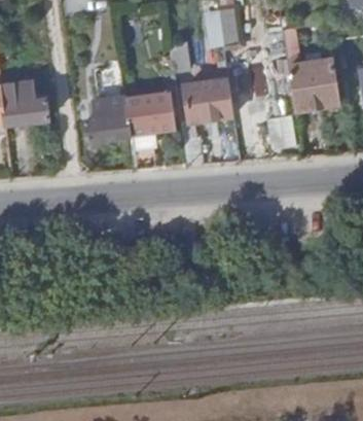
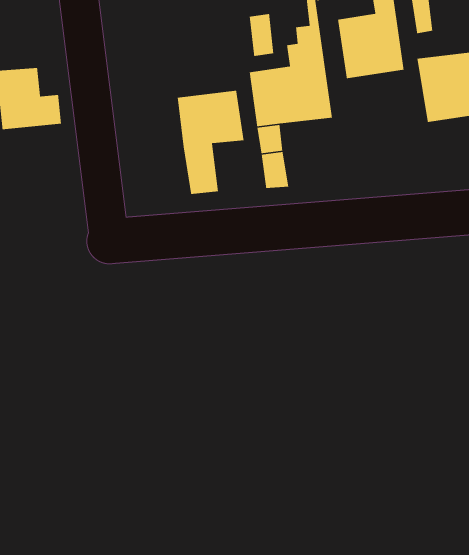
building: [86,94,130,139] -> none

